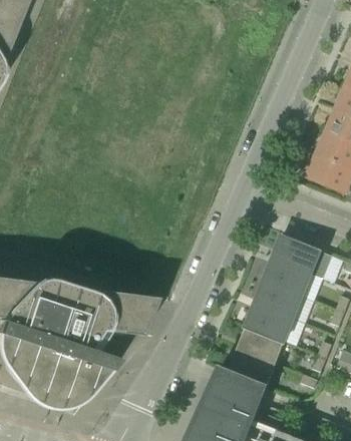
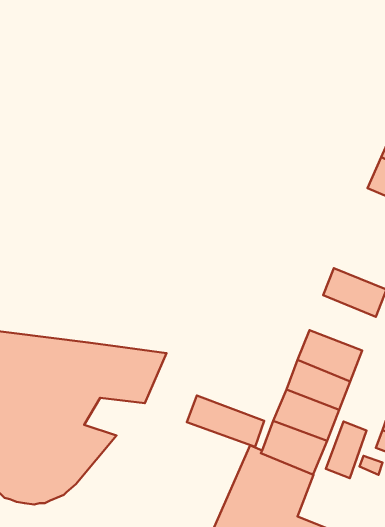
building: [263,256,312,297] -> none
building: none -> [187,395,264,447]
building: none -> [326,422,367,478]

